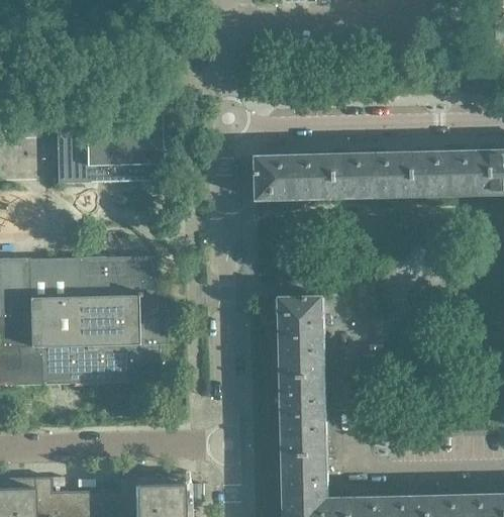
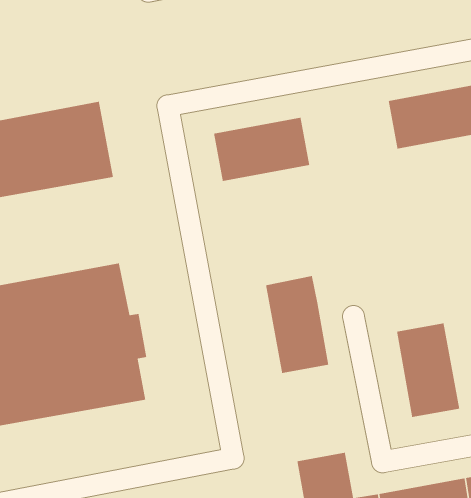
building: [332,151,412,198] -> none
building: [279,377,324,456] -> [396,322,460,418]

